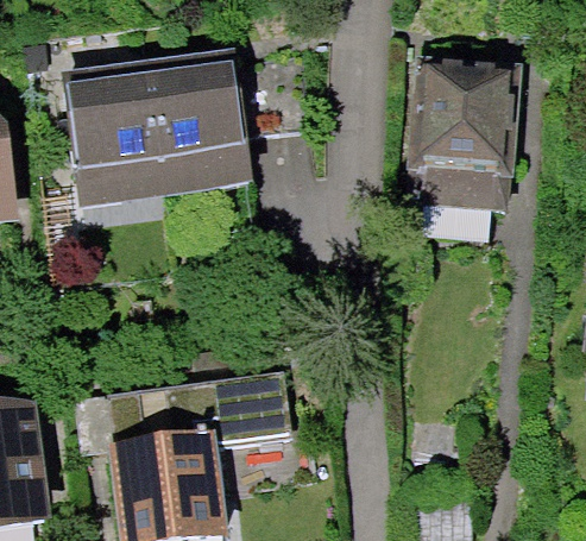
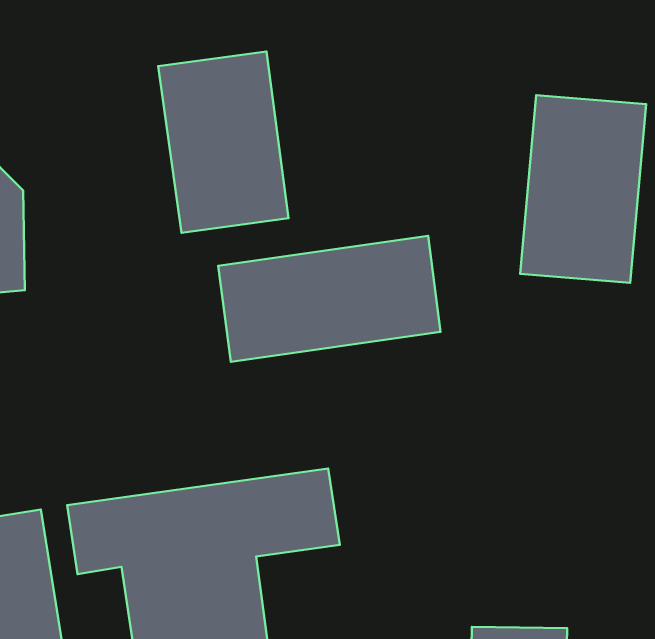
building: [51,57,153,205] -> none
building: none -> [218,236,441,362]

